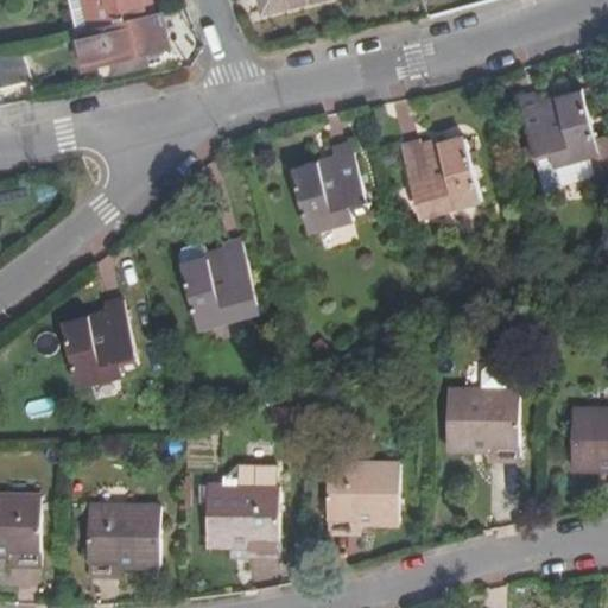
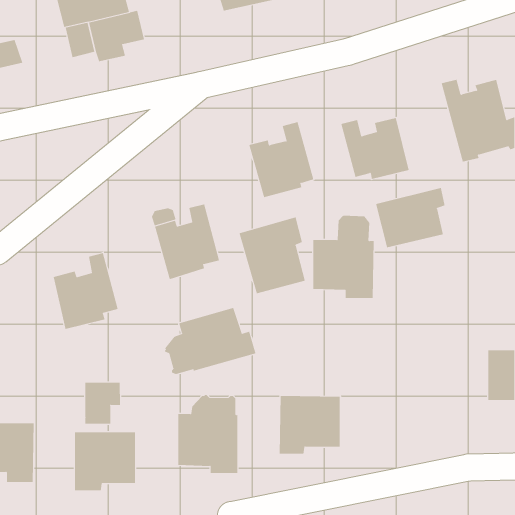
building: none -> [376,187,445,248]
building: none -> [239,217,306,294]
building: none -> [164,307,256,375]
building: [446,362,519,460] -> [313,215,374,298]
building: none -> [85,382,121,425]

